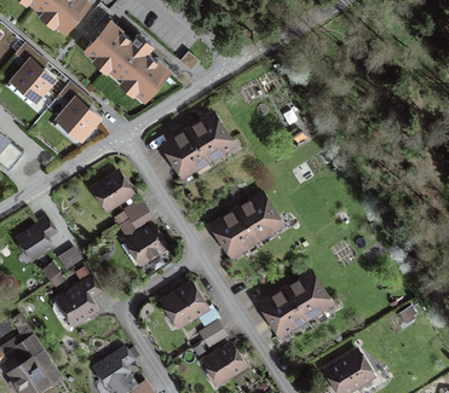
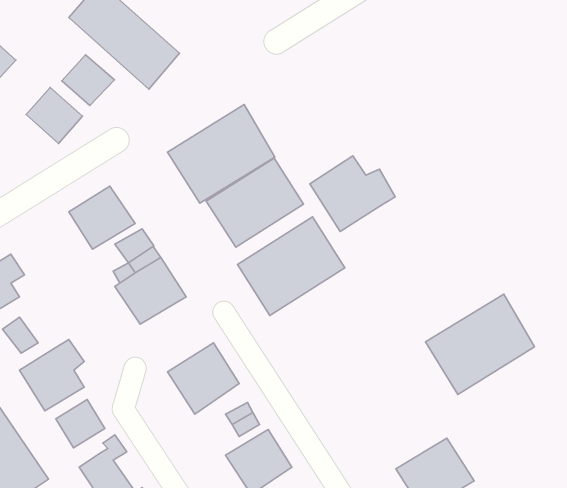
building: none -> [62,55,115,106]
building: none -> [310,156,395,232]
building: none -> [206,158,304,247]
building: [254,270,332,341] -> [426,294,535,395]
building: none -> [56,399,105,448]

